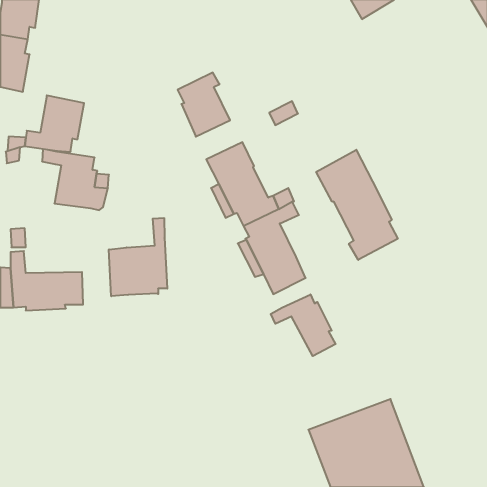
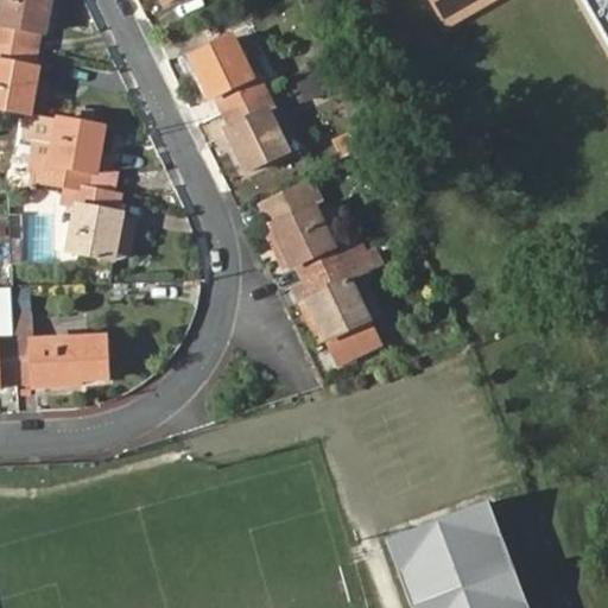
building: none -> [191,38,266,112]
building: none -> [26,114,59,165]
building: [316,150,398,260] -> none
building: [109,218,167,296] -> none
building: [271,294,336,356] -> none

